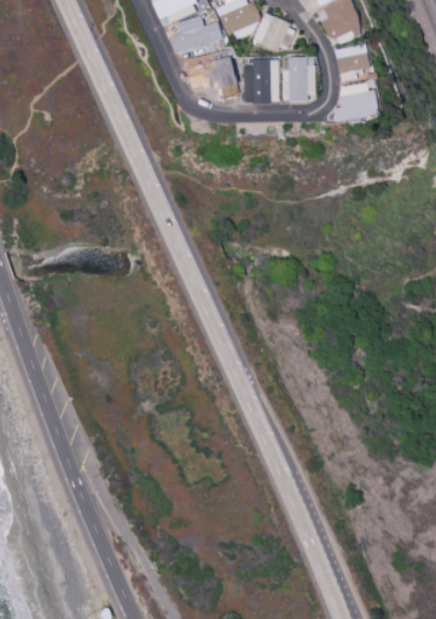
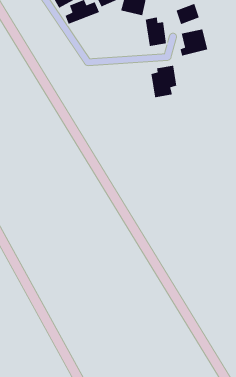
building: [186,53,238,88] -> none
building: [243,58,280,104] -> [150,65,177,98]

